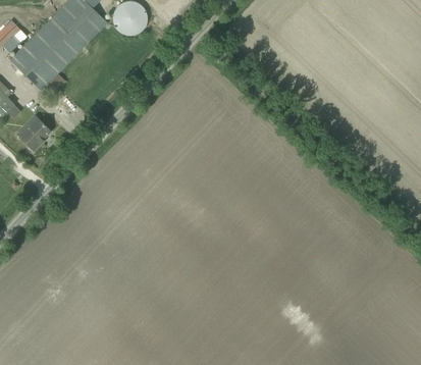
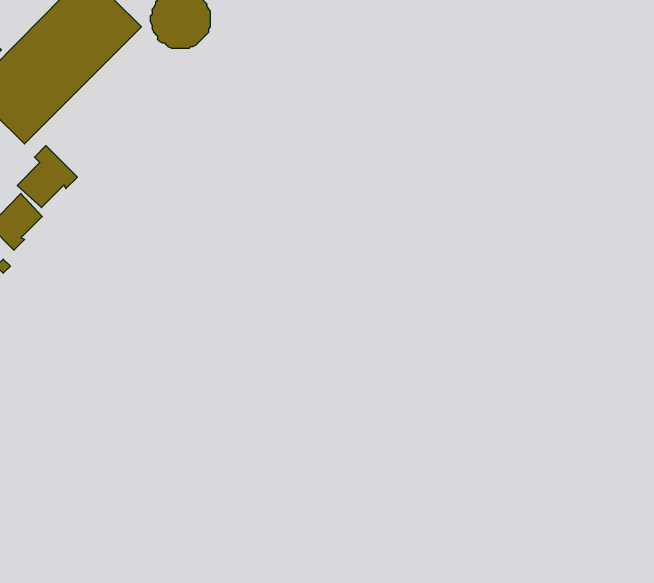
building: none -> [17,146,77,208]

